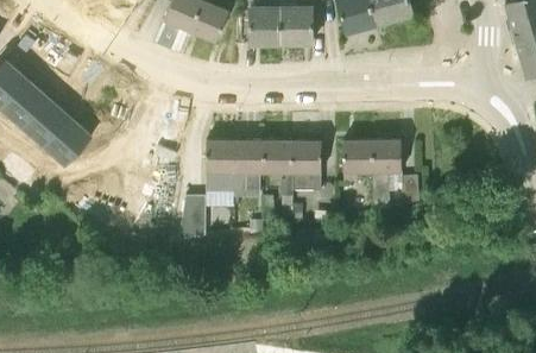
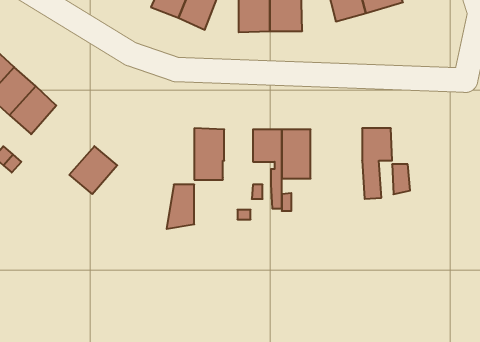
building: [44,118,92,165] -> [69,146,117,194]
building: [342,140,372,174] -> none
building: [234,141,264,196] -> none

